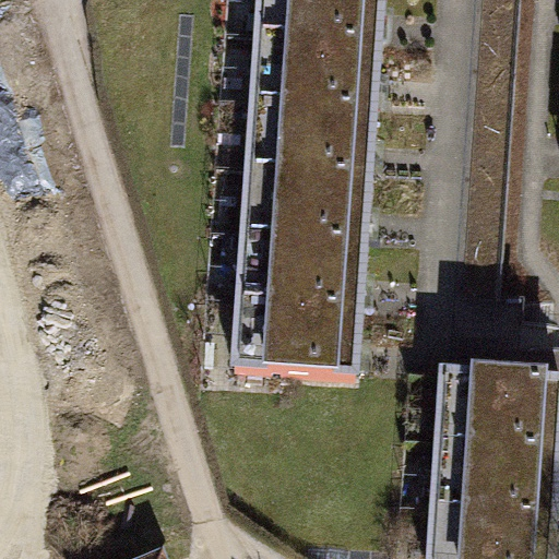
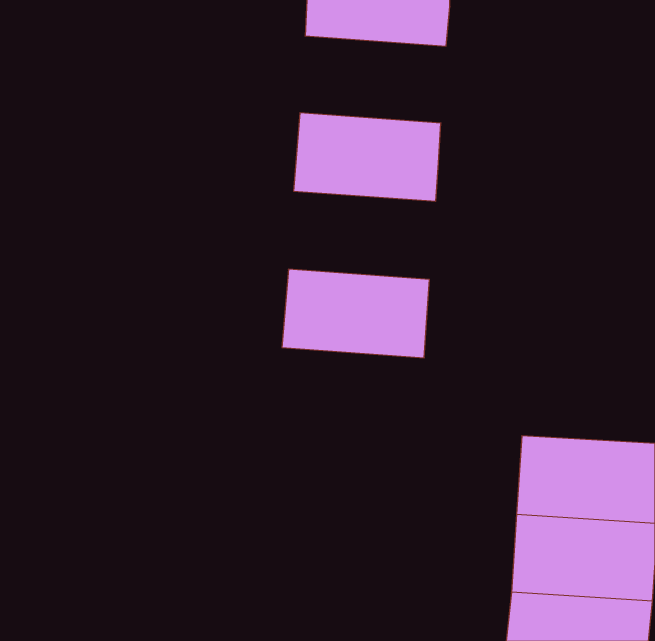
building: [255,31,380,105] -> none
building: [246,163,371,238] -> none
building: [236,296,361,371] -> none

